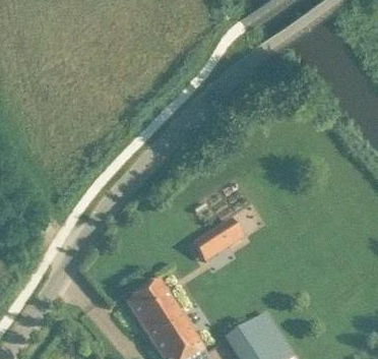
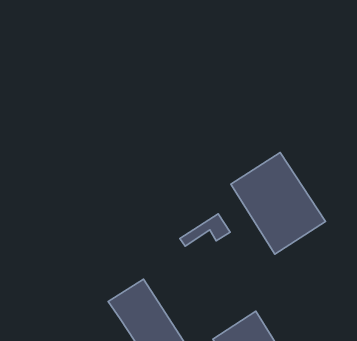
building: none -> [231,152,326,254]

